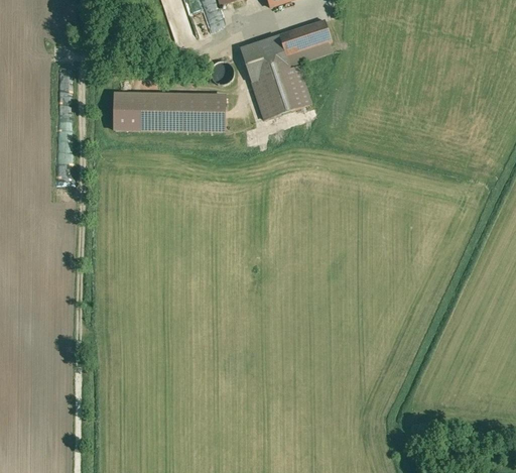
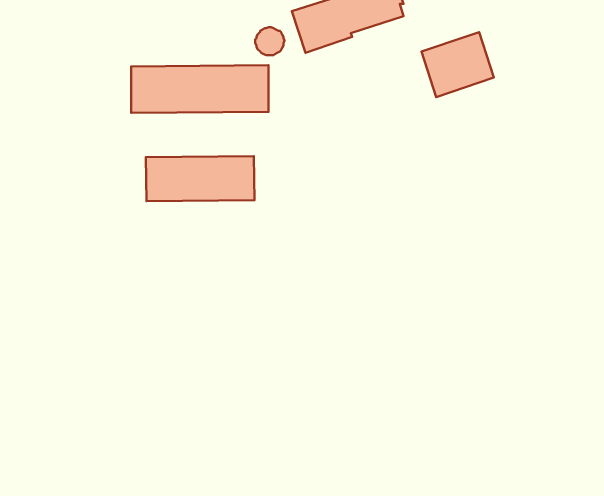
building: [252,66,311,119] -> [421,32,494,97]
building: none -> [146,156,255,201]

